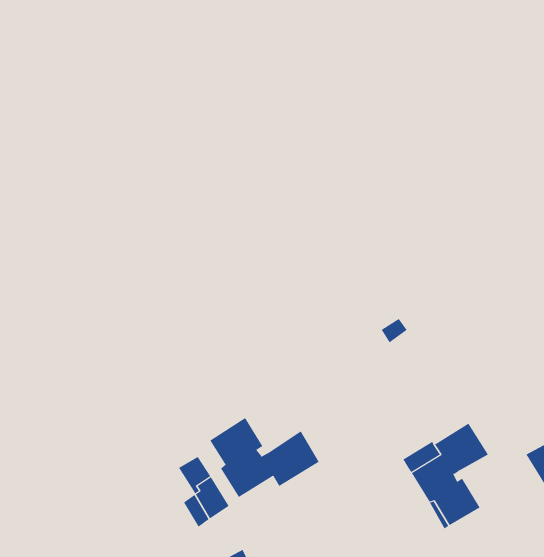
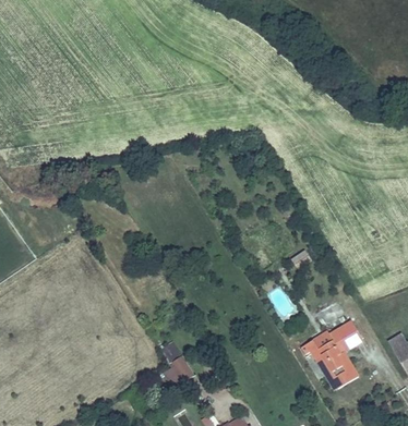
building: [210,417,320,498] -> none

